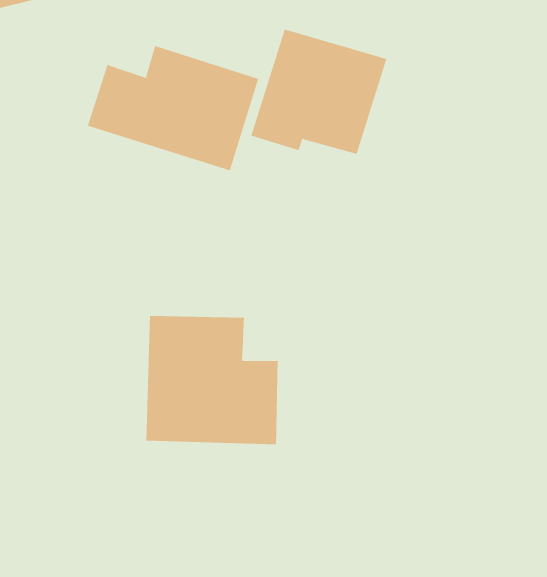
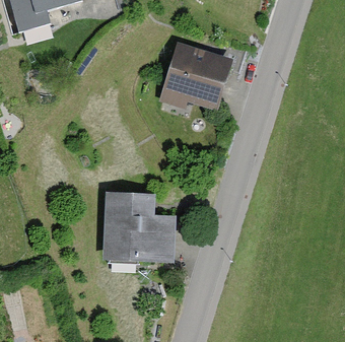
building: [87,45,259,171] -> none

